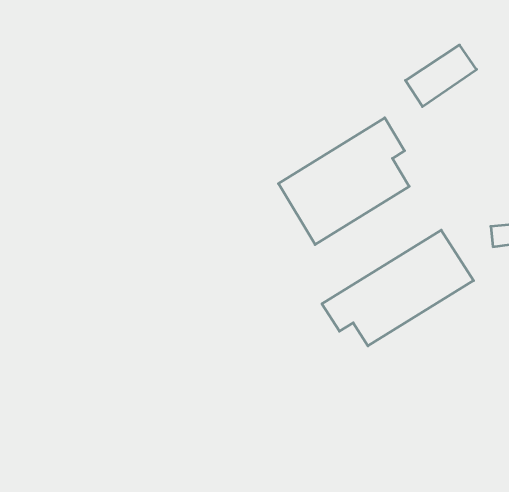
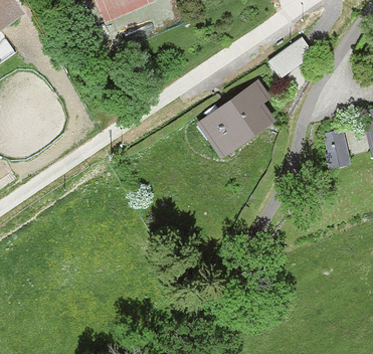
building: [322,230,474,346] -> none

